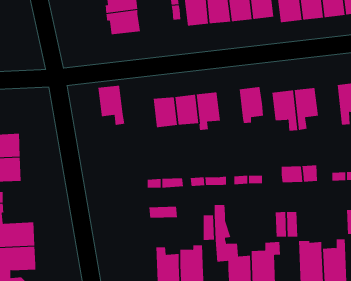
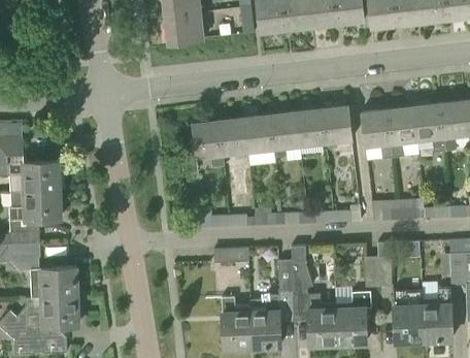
building: none -> [413,103,444,153]
building: [98,85,125,126] -> [192,120,225,168]
building: none -> [296,108,326,147]

